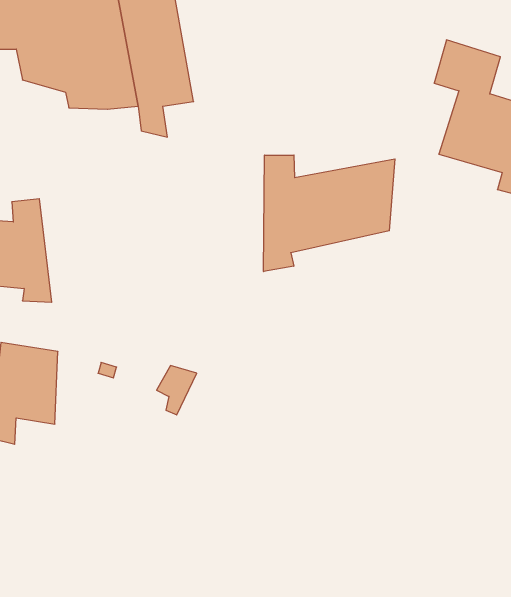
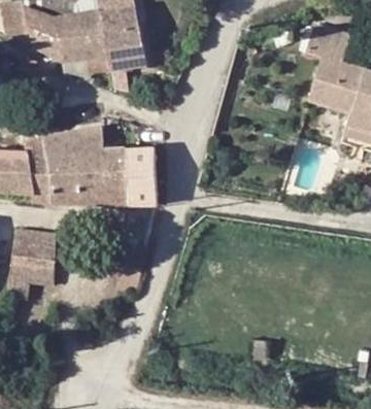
building: [264,155,395,272] -> none
building: none -> [43,125,158,204]

